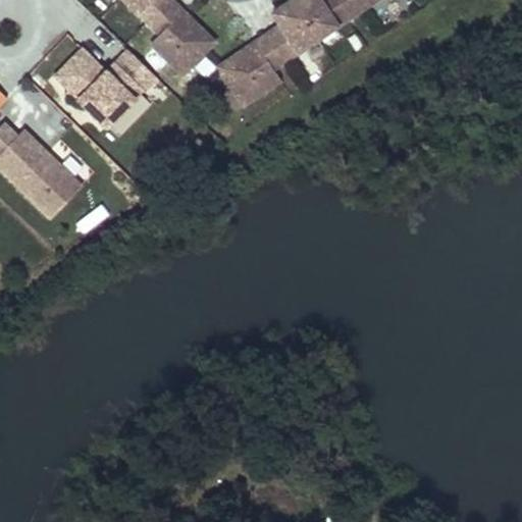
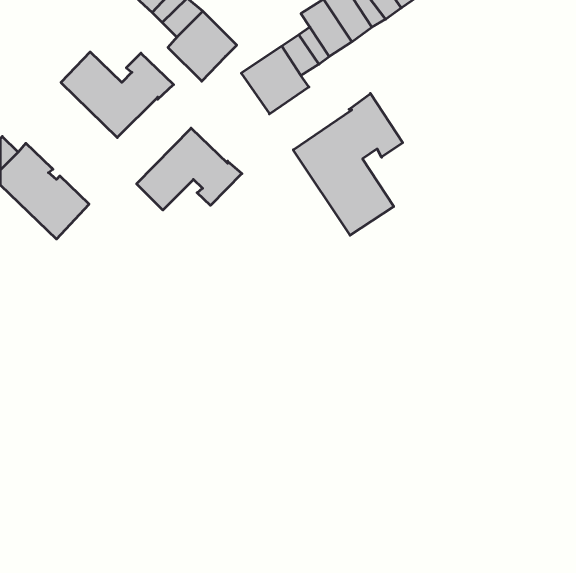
building: none -> [293,93,403,235]
building: none -> [137,128,242,210]

